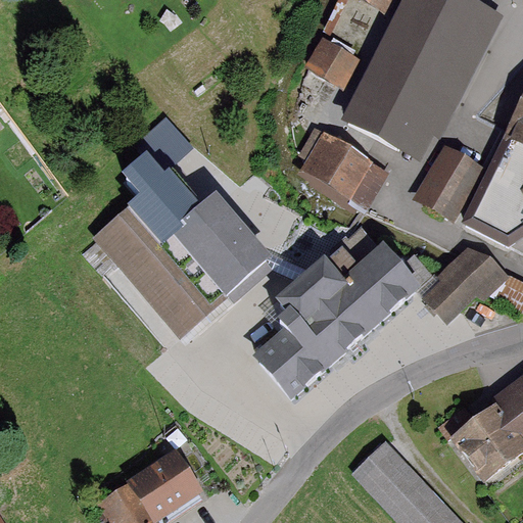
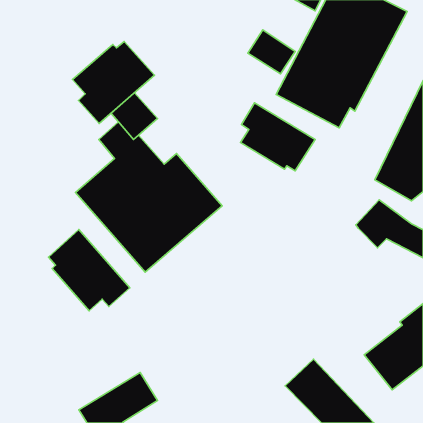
building: none -> [73,41,155,124]
building: [413,145,482,220] -> none
building: [252,231,432,399] -> none
building: [423,281,465,323] -> none
building: none -> [48,230,130,311]

